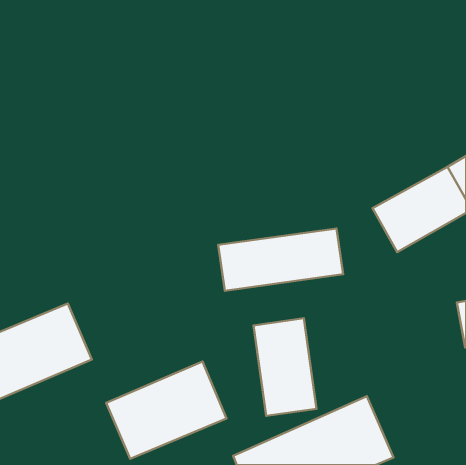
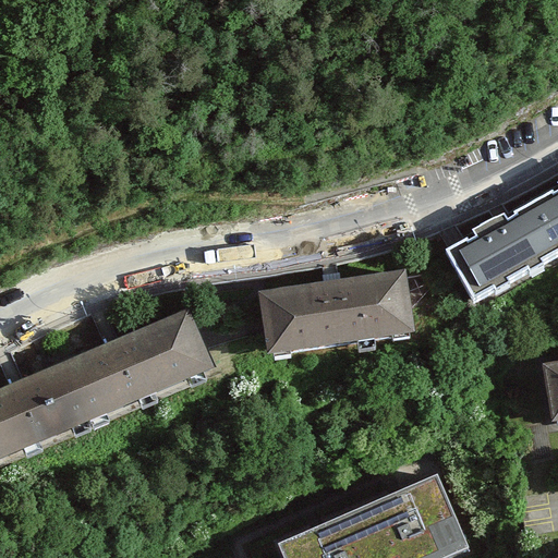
building: [253,318,317,416] -> none
building: [106,362,226,459] -> [81,312,223,427]

